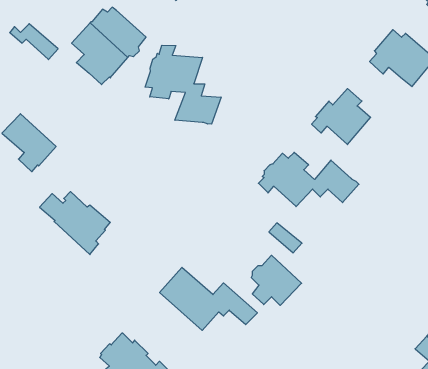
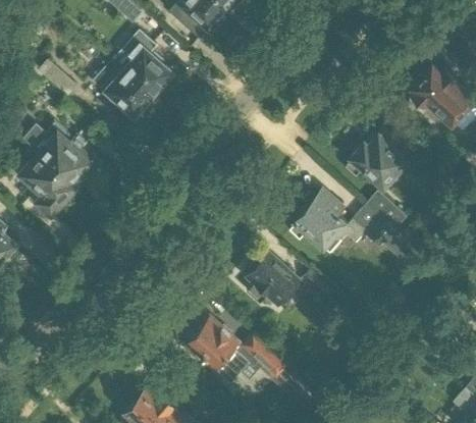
building: [145,45,221,124] -> none
building: none -> [366,189,404,224]
building: [40,192,110,255] -> [23,121,98,188]
building: [251,255,302,305] -> [245,249,298,302]

